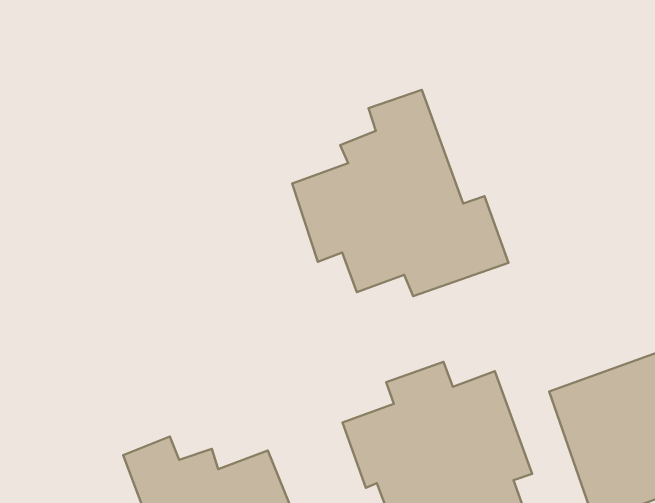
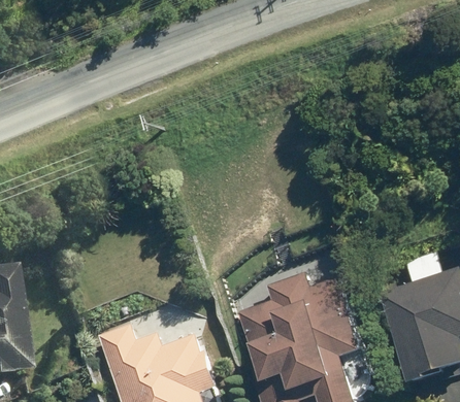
building: [292,90,509,296] -> none

